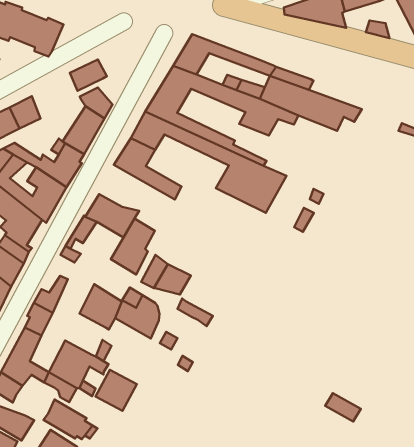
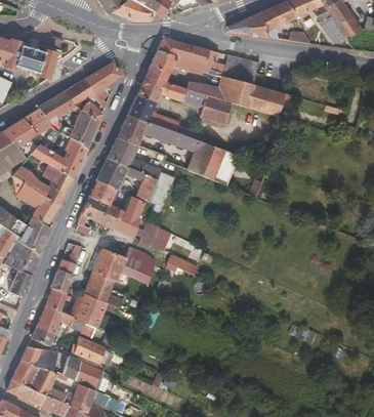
building: none -> [160,38,220,67]
building: none -> [89,60,124,96]
building: none -> [224,54,259,78]
building: none -> [40,89,79,126]
building: none -> [98,157,158,203]
building: none -> [90,202,121,230]
building: [96,370,137,411] -> [83,274,114,304]

